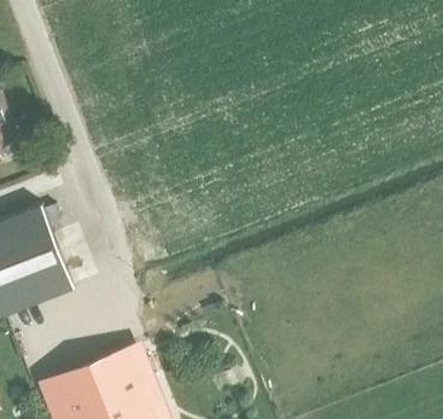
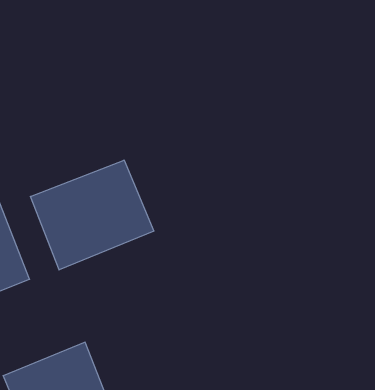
building: none -> [30,160,154,270]

